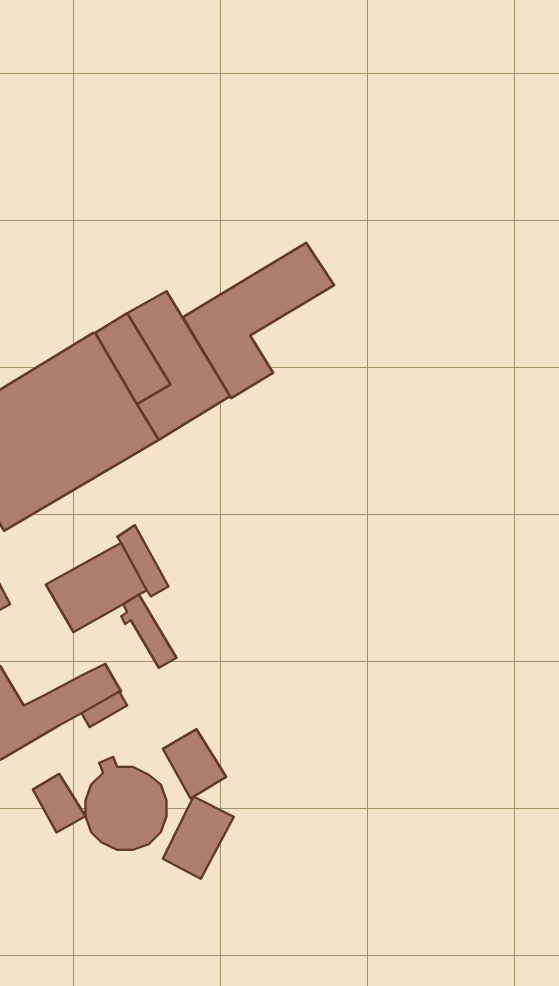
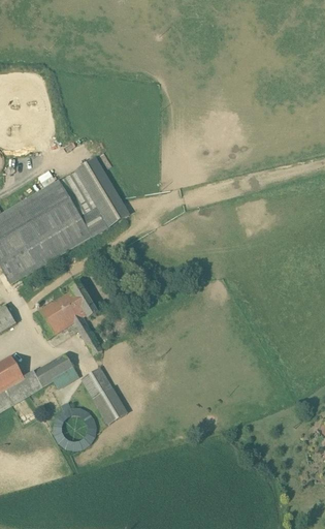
building: [183,243,334,398] -> none
building: none -> [83,368,112,398]
building: [33,774,85,833] -> none
building: [163,797,234,879] -> none

